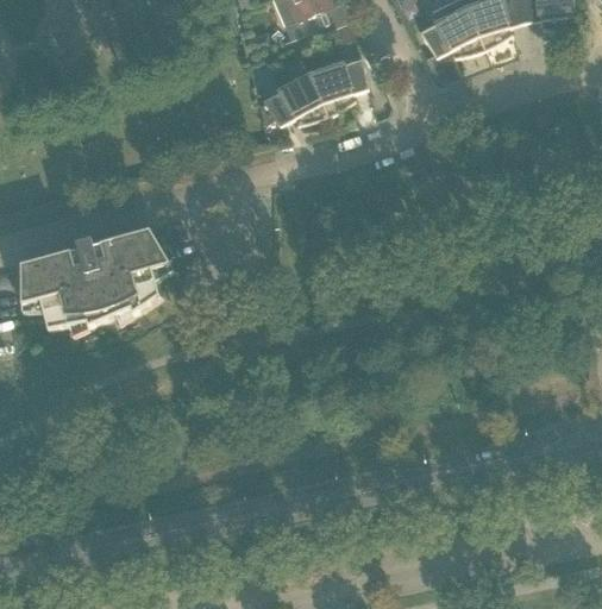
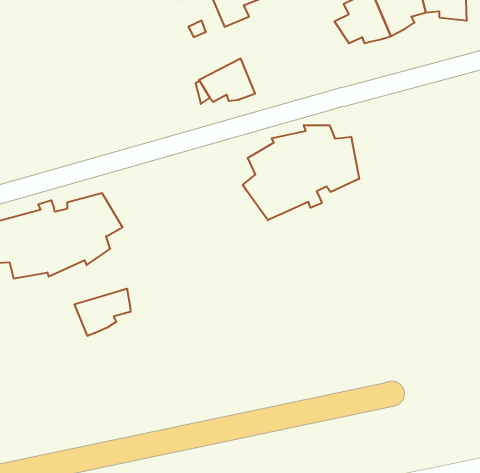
building: [309,54,366,111] -> none
building: none -> [243,125,359,220]
building: none -> [74,289,131,336]

